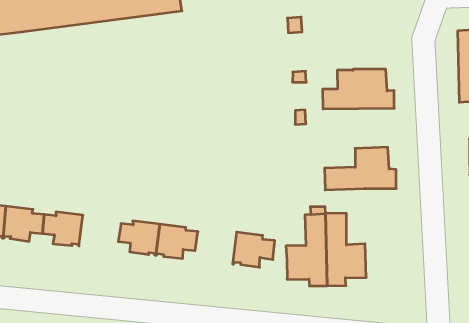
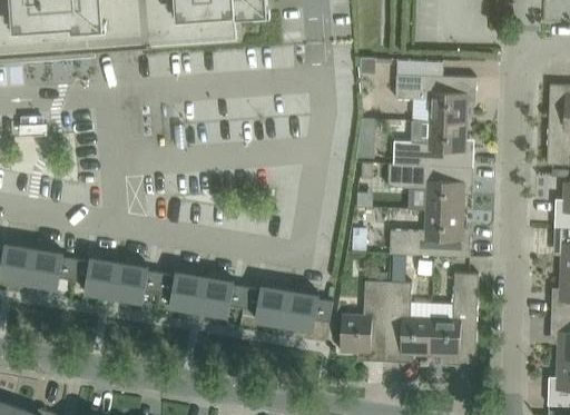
building: none -> [395,72,476,121]
building: none -> [387,161,473,209]
building: none -> [430,271,479,364]
building: none -> [109,264,158,304]
building: none -> [239,289,287,329]

